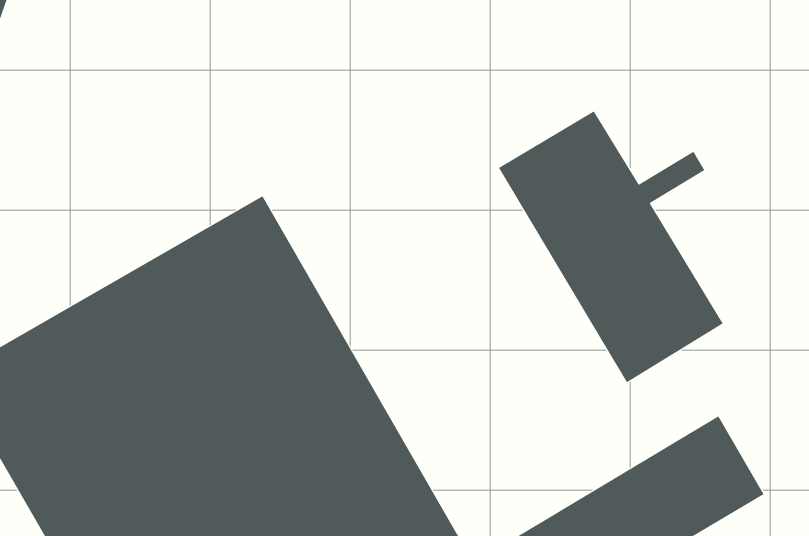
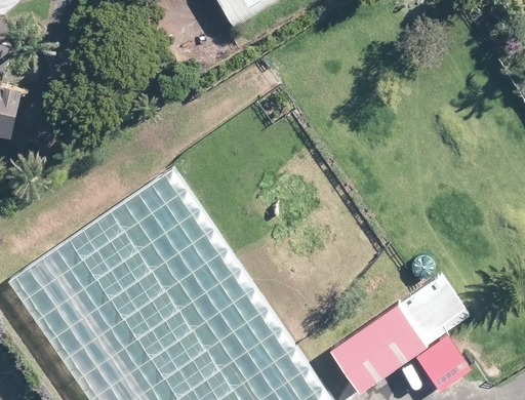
building: [498,110,724,383] -> none

